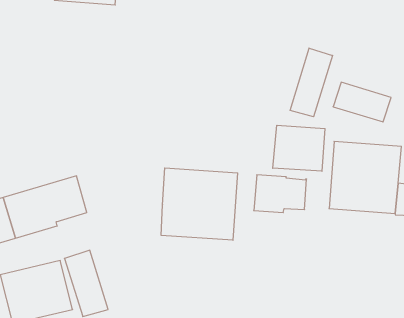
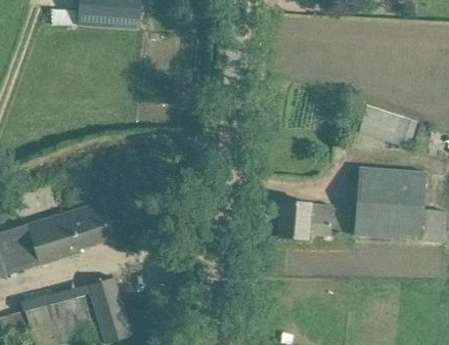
building: [290,48,333,117] -> none
building: [273,125,325,171] -> none
building: [161,168,238,240] -> none

